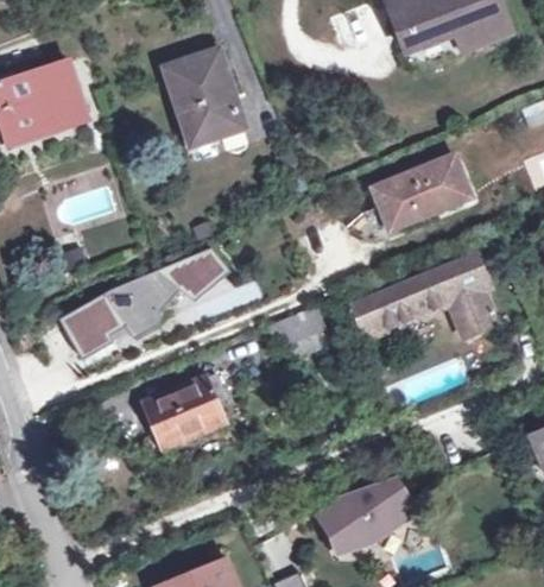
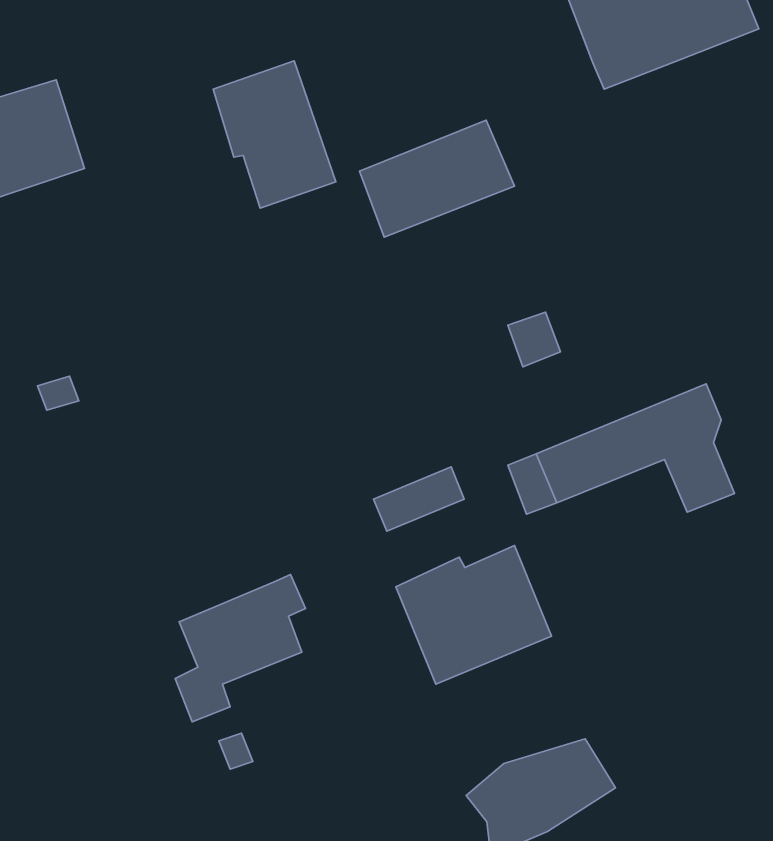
building: [373,156,470,229] -> [359,120,514,237]
building: [58,247,229,360] -> none
building: none -> [396,545,552,684]

